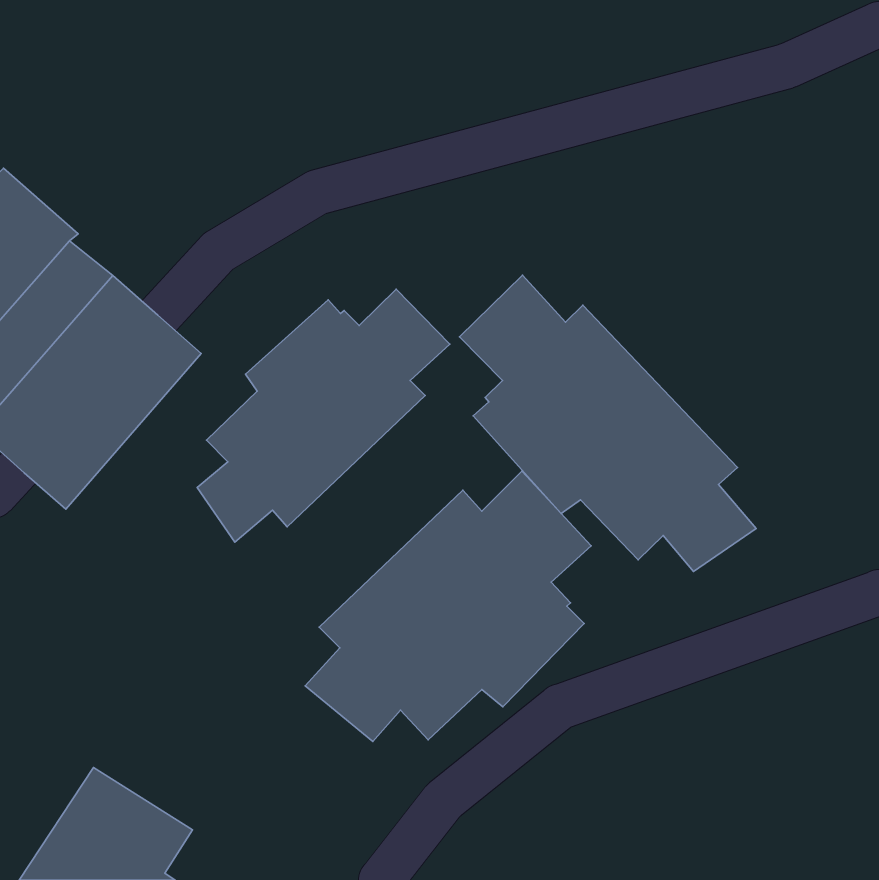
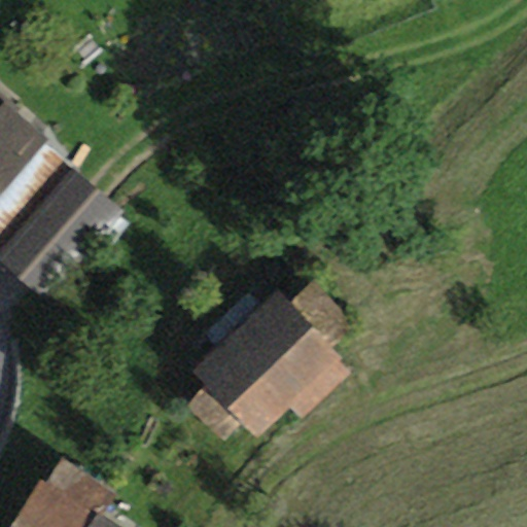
building: [460,275,756,572] -> none
building: [197,289,450,542] -> none

